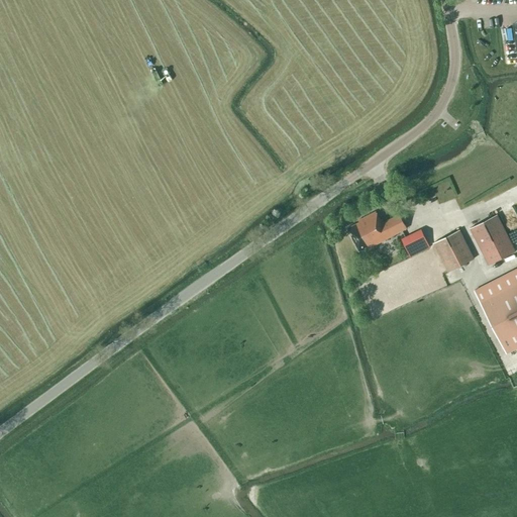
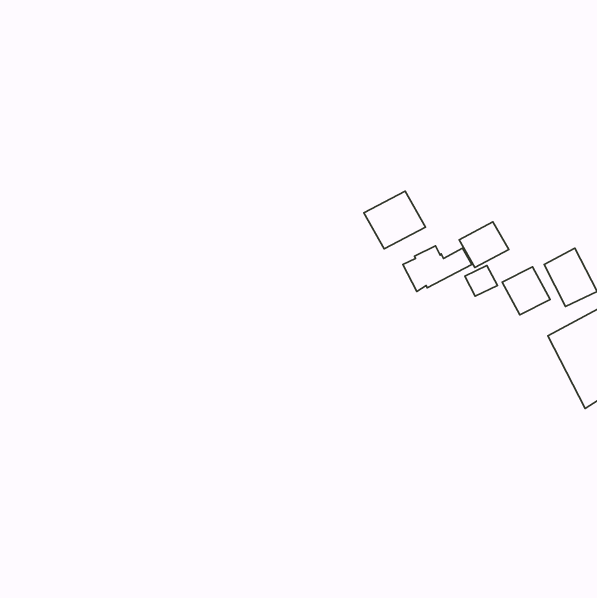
building: none -> [364,191,426,249]
building: none -> [459,222,509,267]

